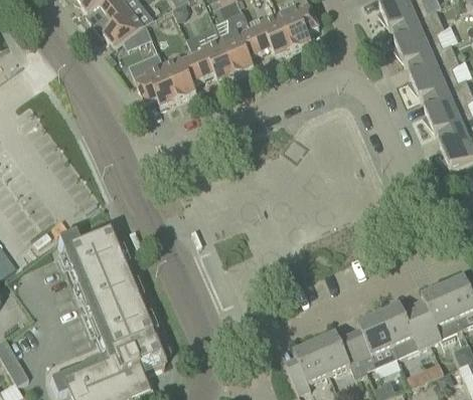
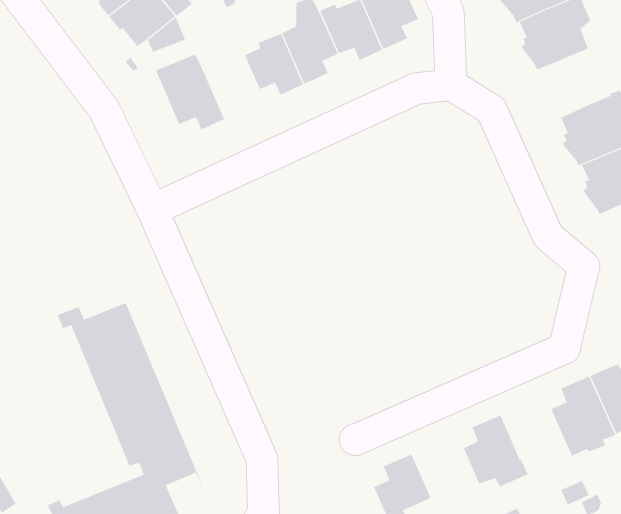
building: [407,42,459,98] -> none
building: [162,52,203,98] -> none
building: [378,304,430,356] -> none
building: [314,332,367,377] -> none

